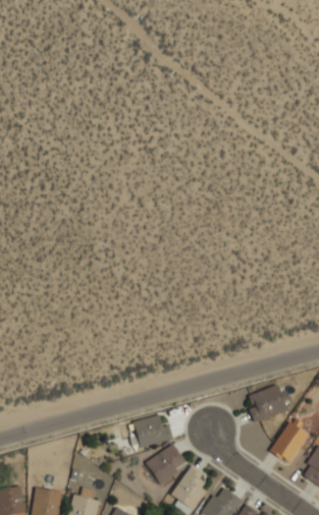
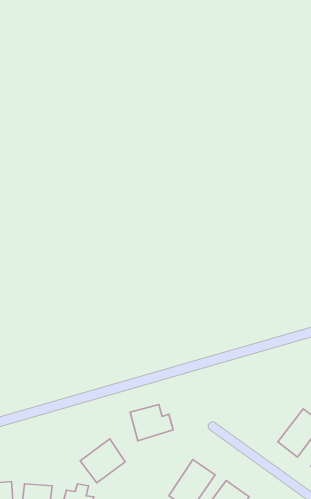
building: [246,384,291,421] -> none
building: [145,444,187,484] -> [80,439,125,483]

